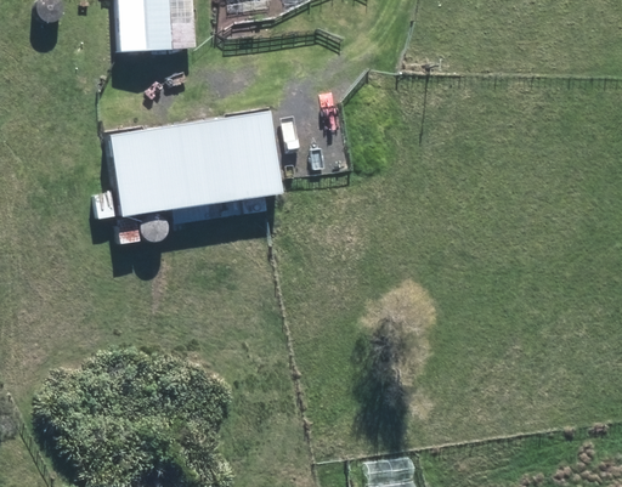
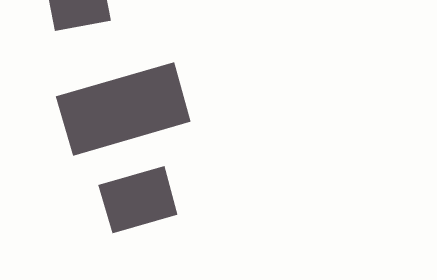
building: none -> [98,165,178,234]

